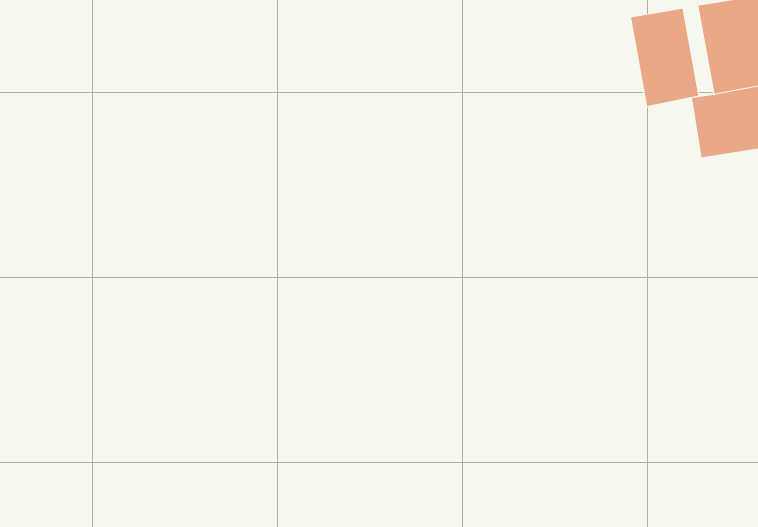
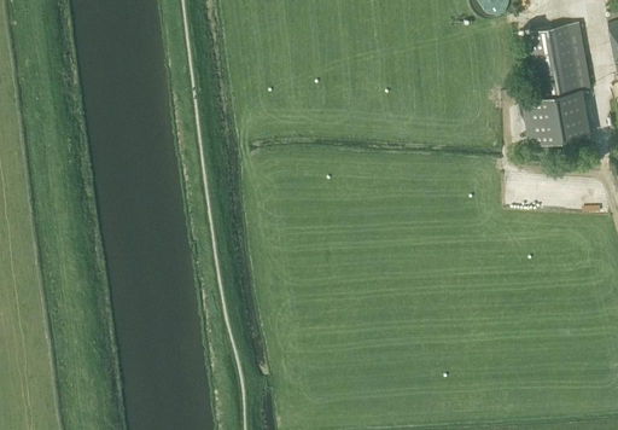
building: [630,8,699,107] -> none

